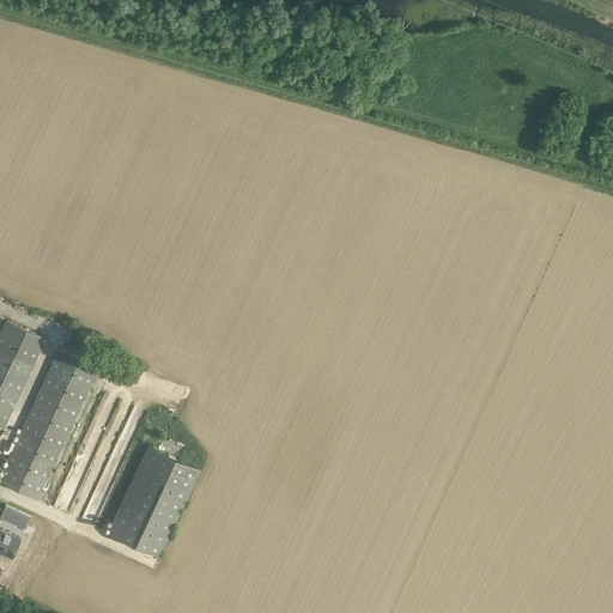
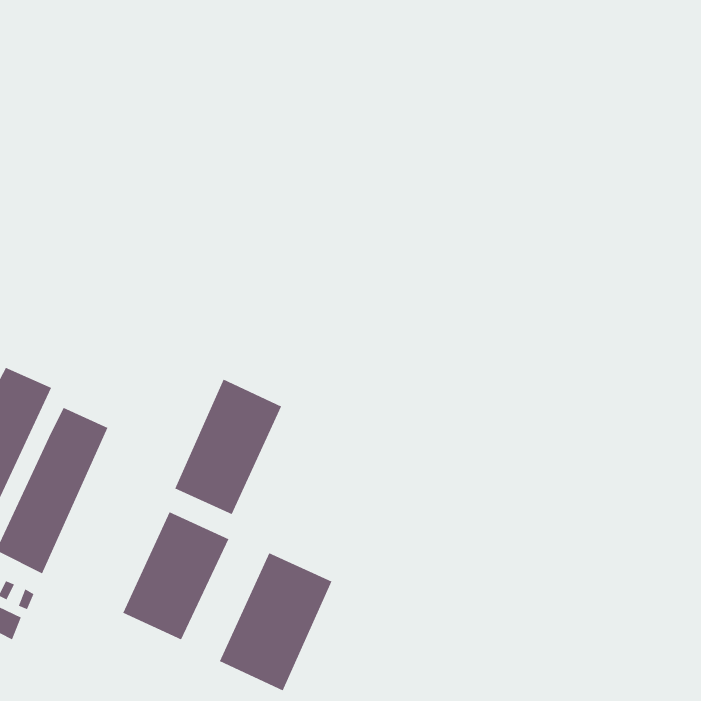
building: none -> [174,379,282,515]
building: none -> [219,552,332,691]

